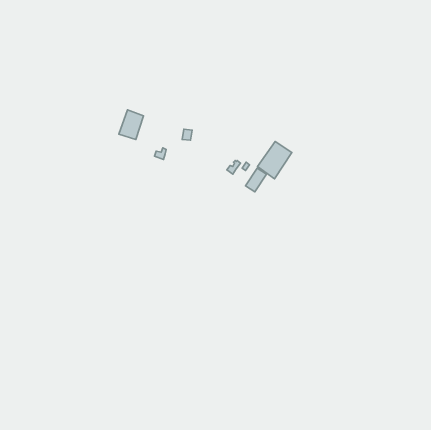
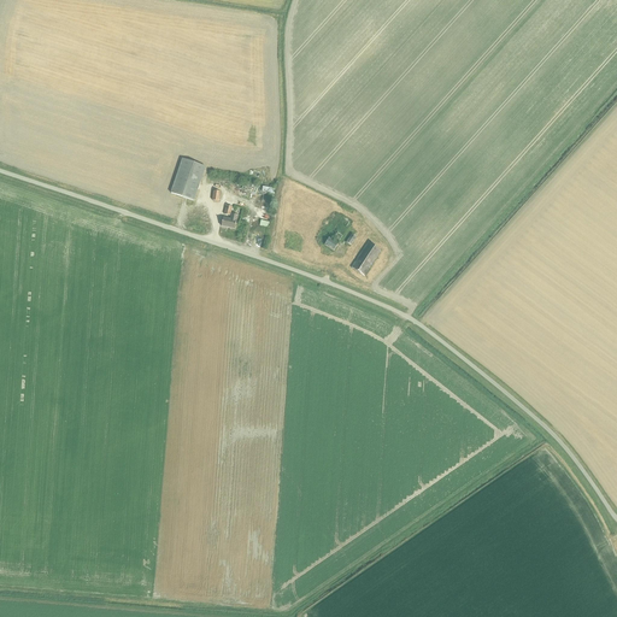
building: [258,142,292,179] -> none

